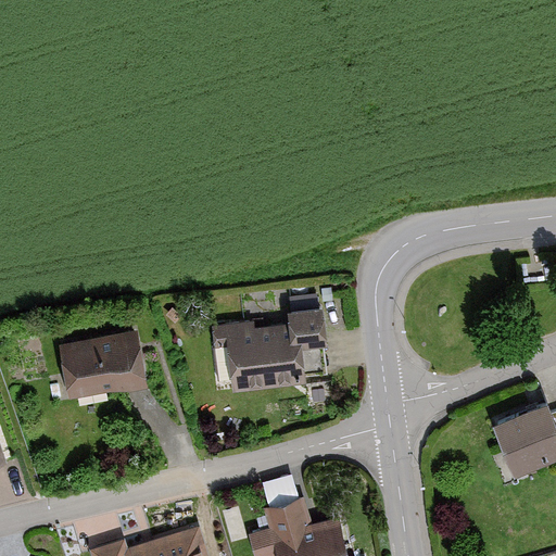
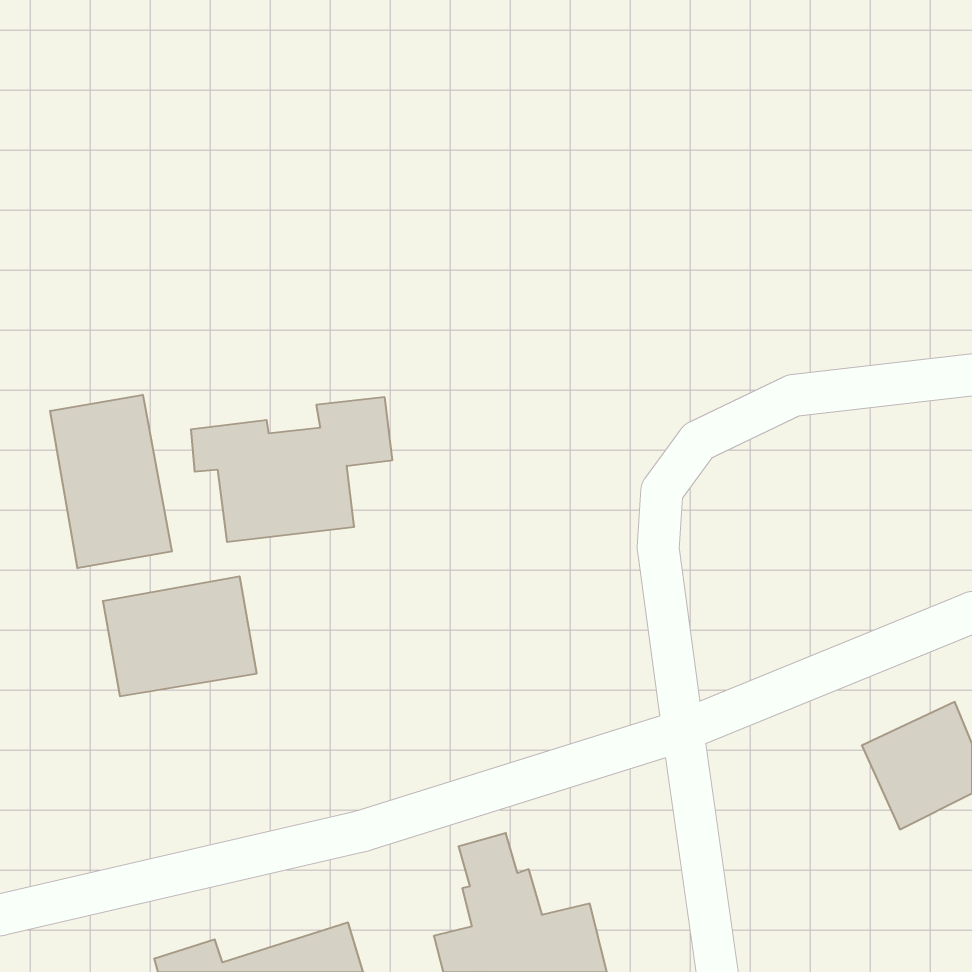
building: none -> [50,395,172,568]
building: [211,307,326,390] -> [191,397,392,542]

